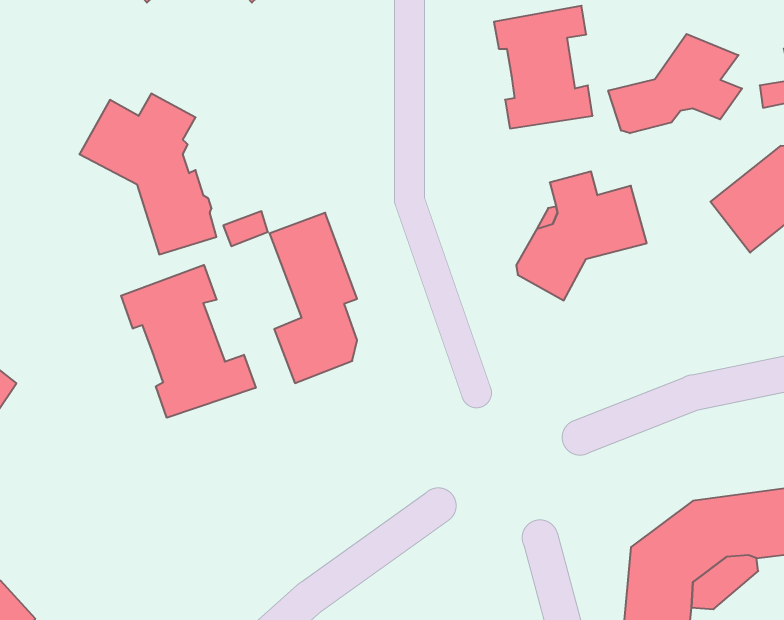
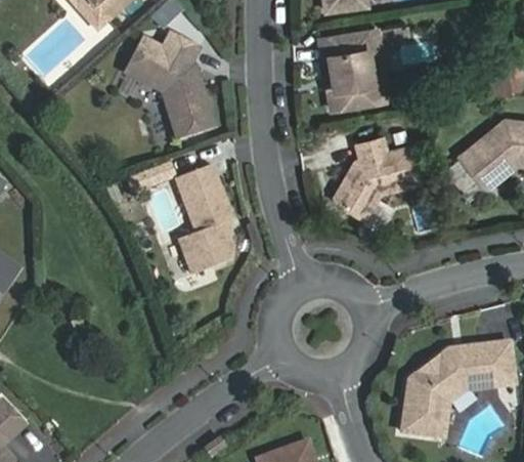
building: [608,34,742,133] -> none
building: [79,94,216,254] -> [124,33,212,136]
building: [121,265,256,418] -> none

